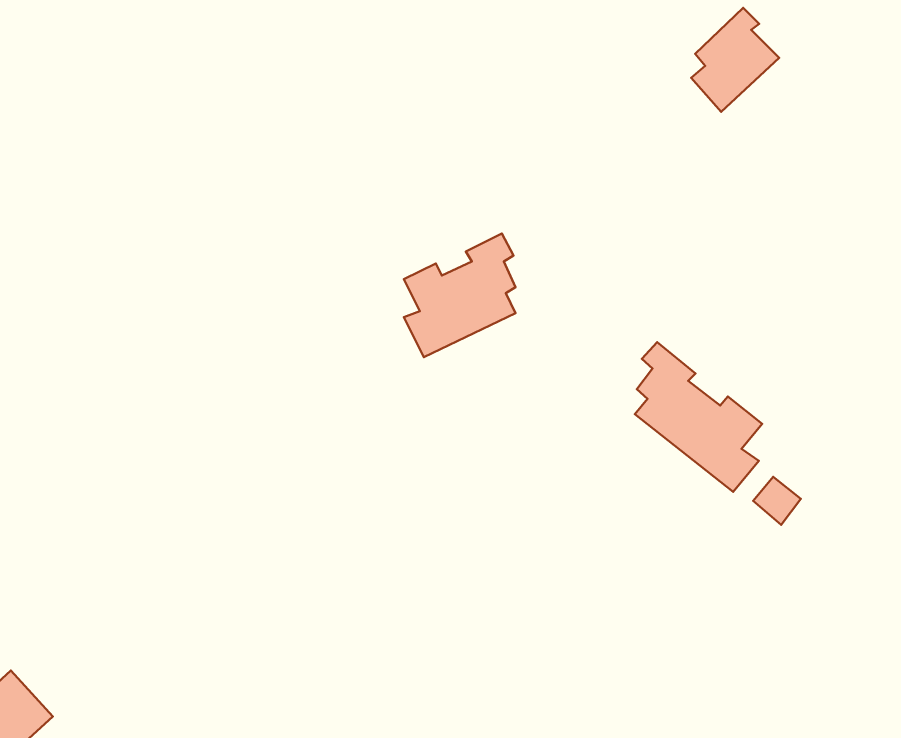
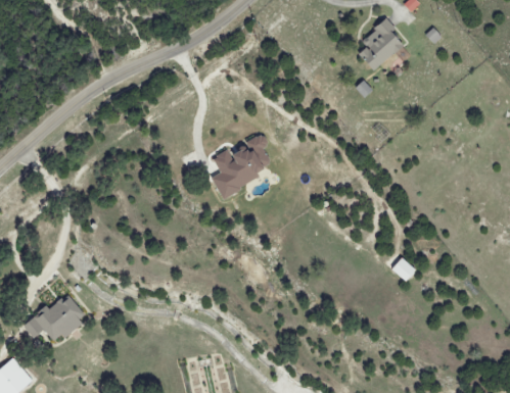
building: [635,342,762,492] -> none
building: none -> [22,293,87,347]

